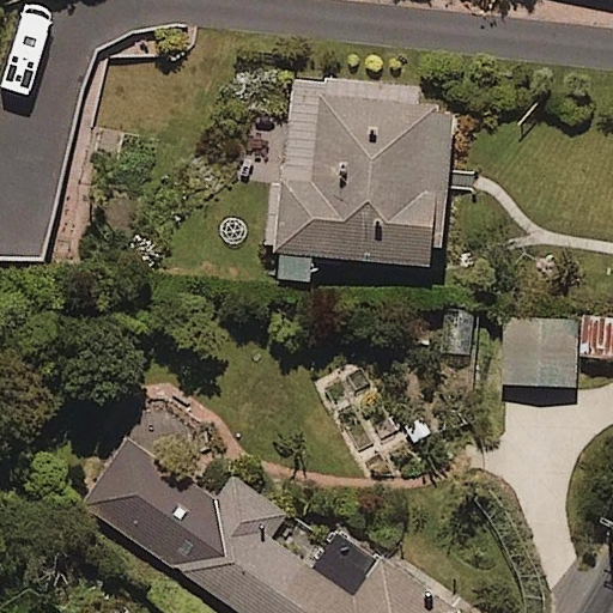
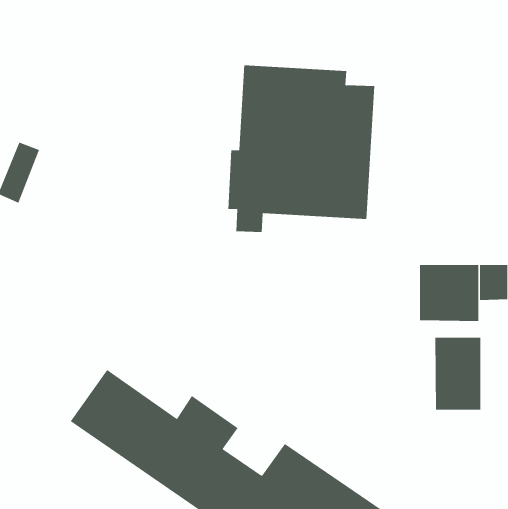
building: none -> [435,337,481,411]

